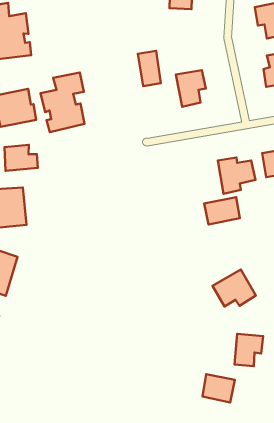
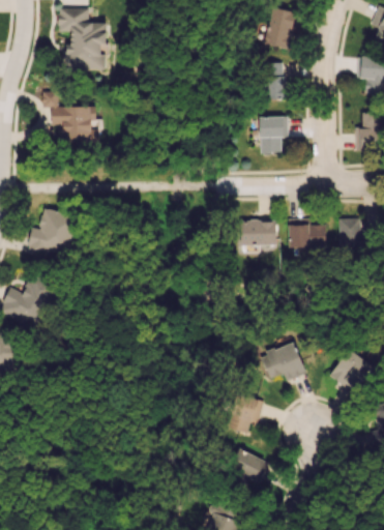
building: [138,51,161,86] -> [265,62,286,98]
building: [40,73,84,132] -> none
building: [5,145,38,171] -> none
building: [204,197,240,225] -> [240,220,276,245]
building: [235,334,263,366] -> [228,394,264,433]

